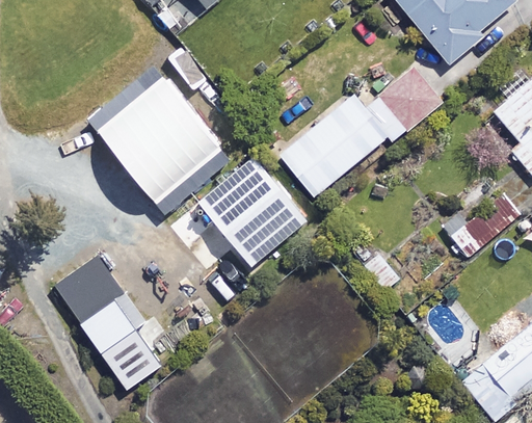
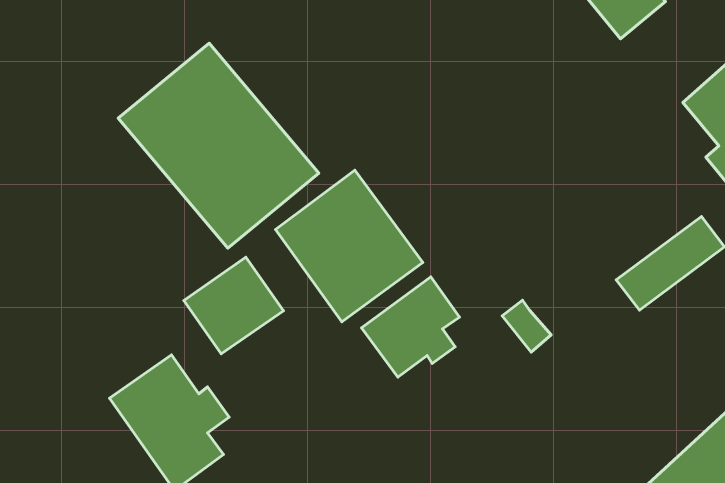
building: [278,68,440,195] -> none
building: none -> [361,277,459,377]
building: [54,254,126,323] -> [184,257,283,354]

